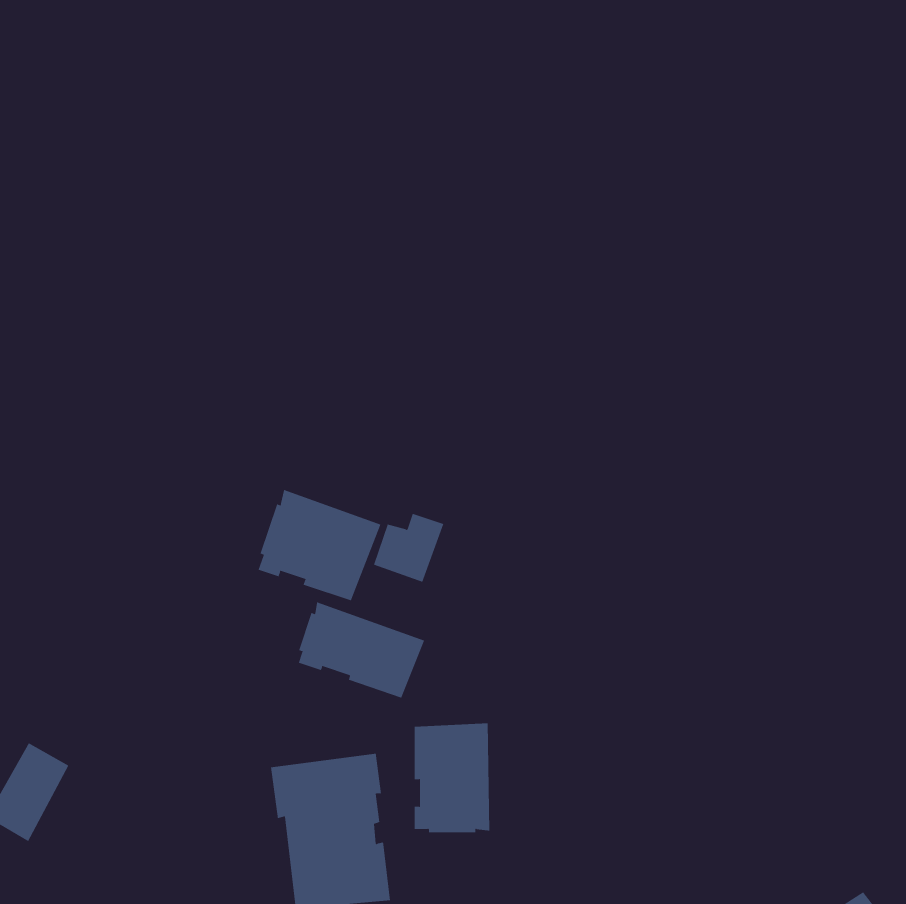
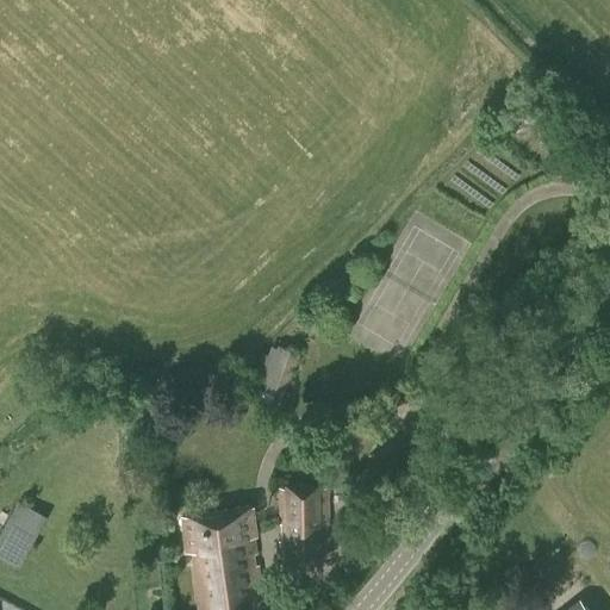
building: [258,489,381,601] -> none
building: [298,601,425,698] -> none

